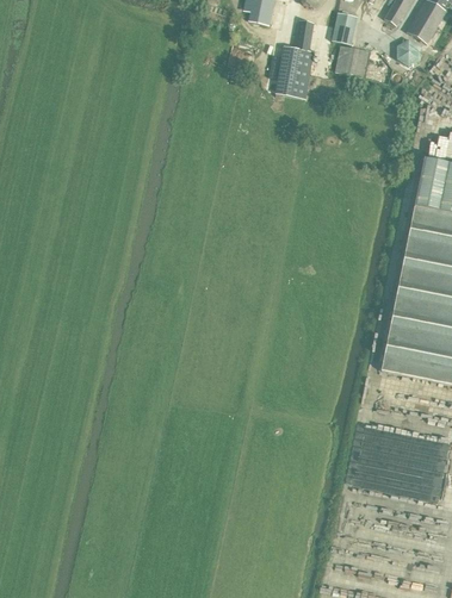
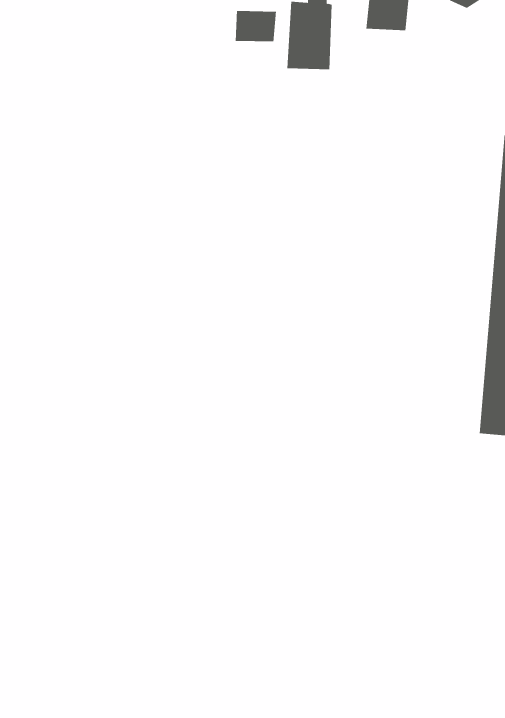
building: none -> [235,10,276,42]

